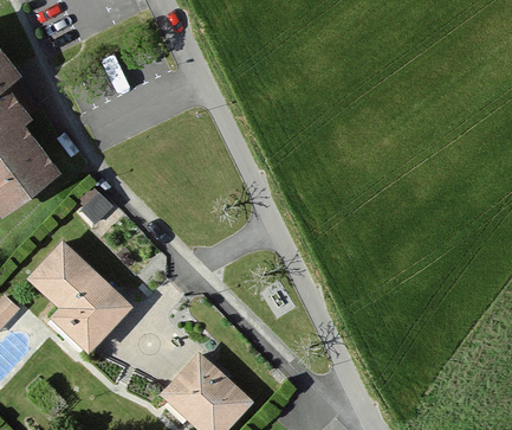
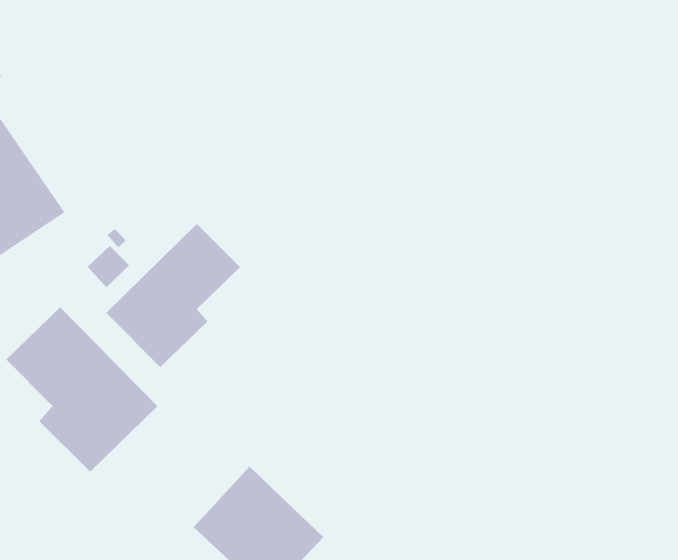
building: none -> [106,223,241,368]

